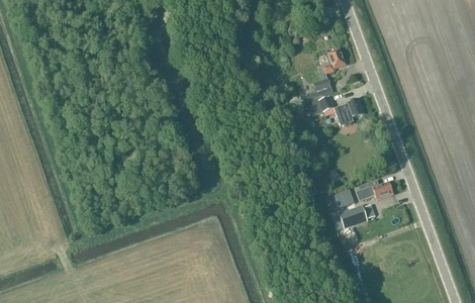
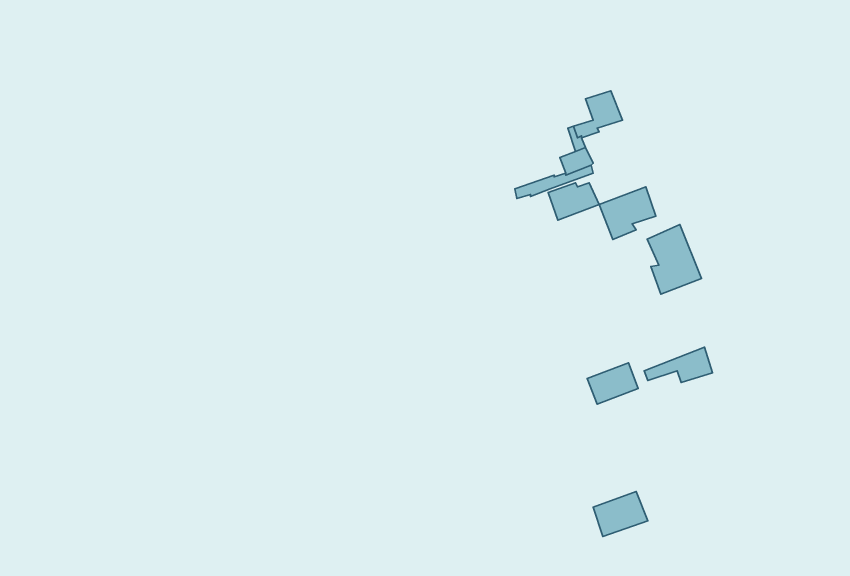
building: none -> [647,224,701,294]
building: [339,205,367,228] -> [593,491,648,536]

